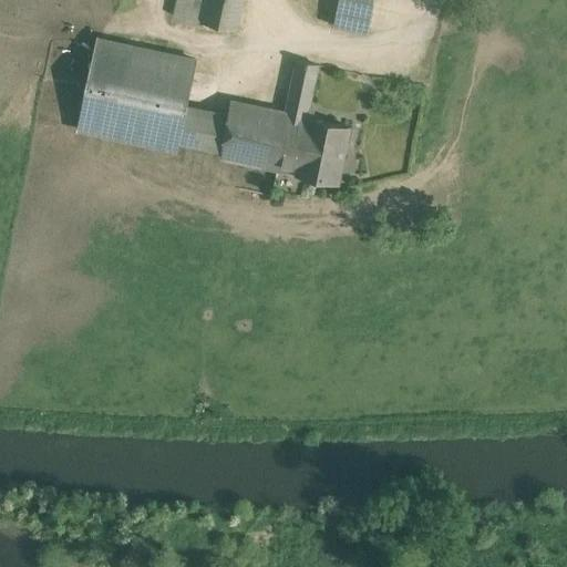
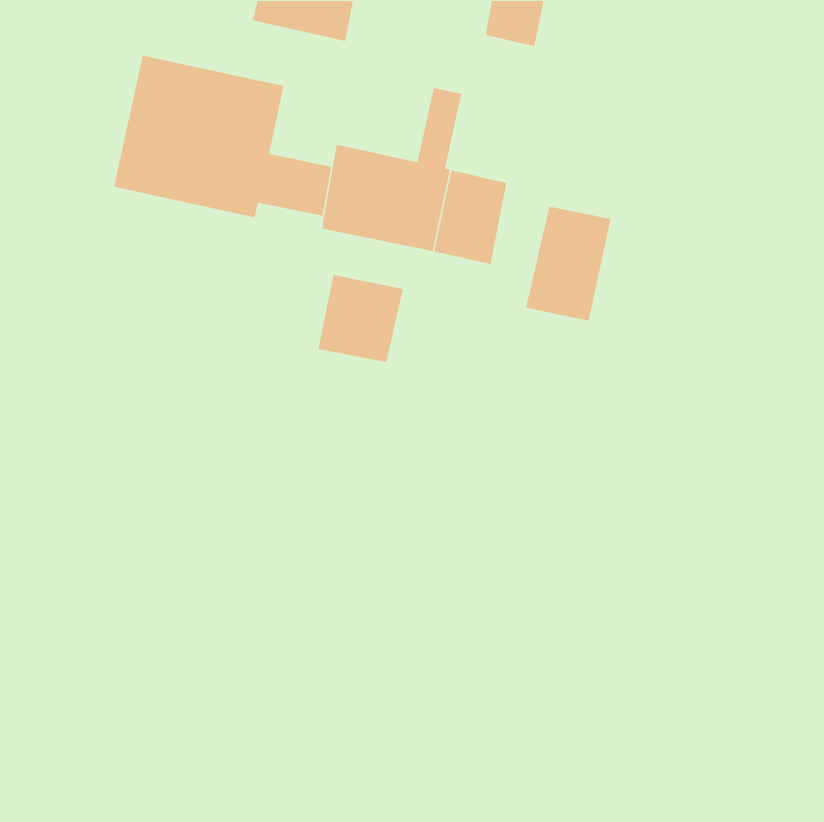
building: none -> [525,206,612,322]
building: none -> [317,274,404,363]

